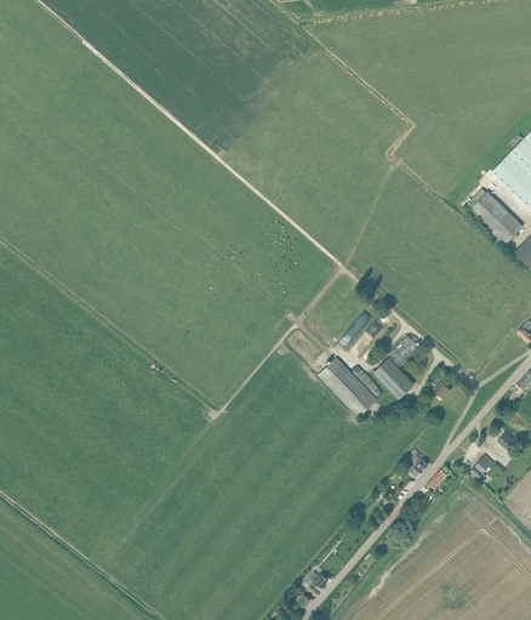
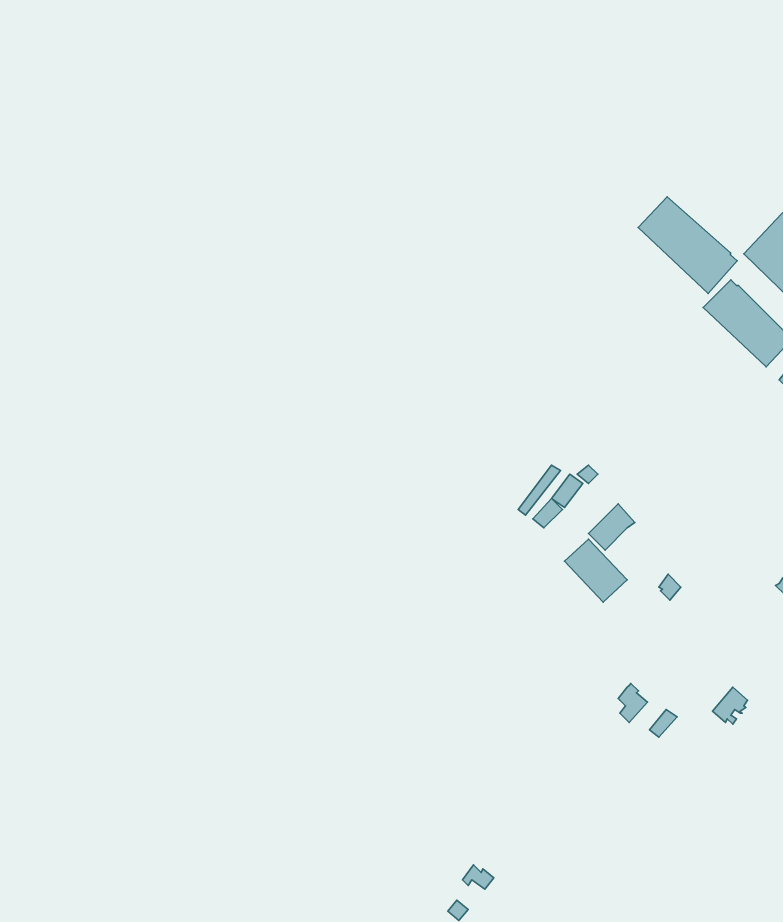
building: none -> [638,197,737,293]
building: [319,355,378,416] -> none

